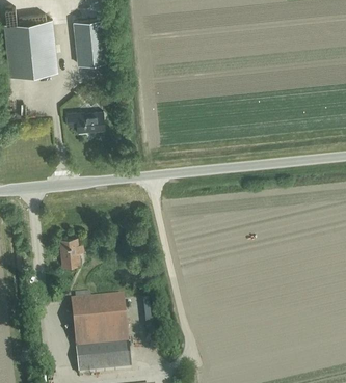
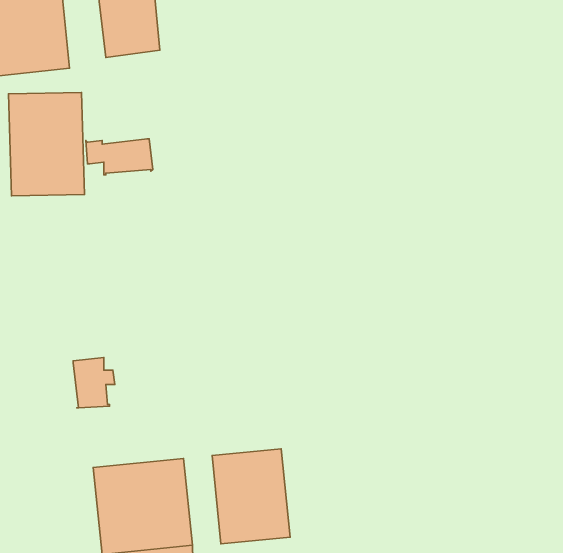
building: none -> [9,92,84,196]
building: none -> [212,449,290,544]

